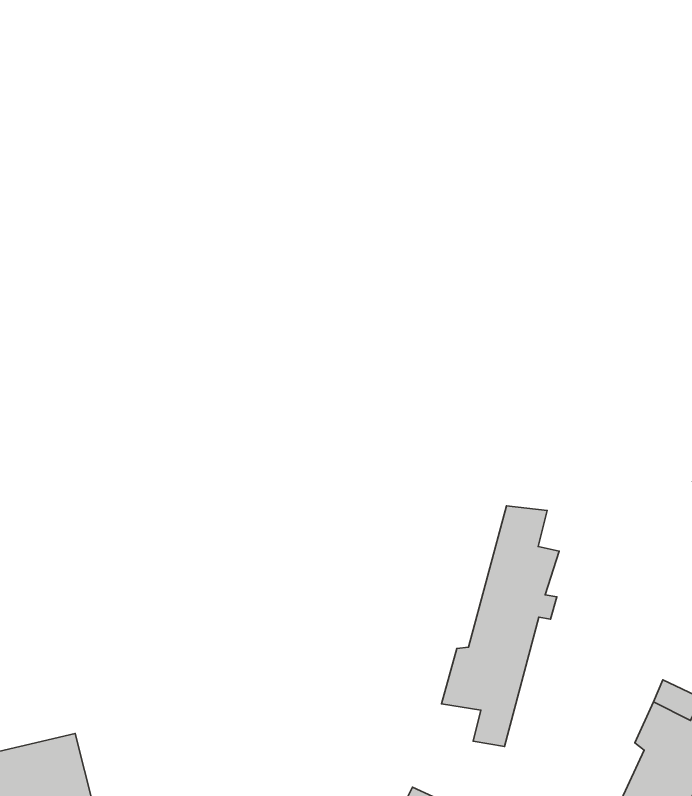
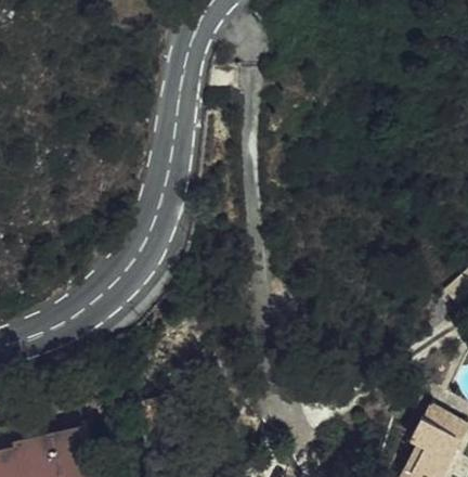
building: [441,506,559,746] -> none

